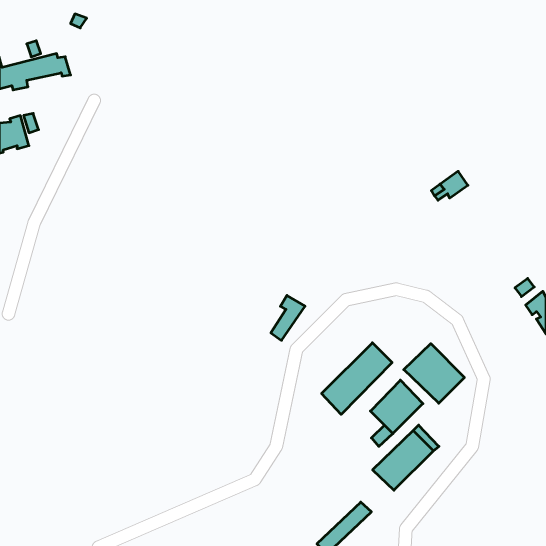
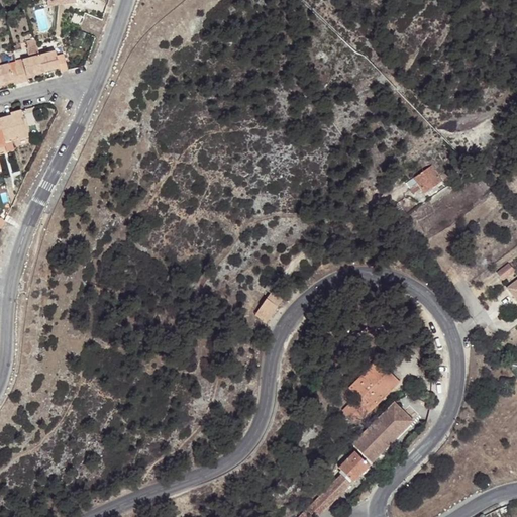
building: [322,343,392,414] -> none
building: [404,344,464,403] -> none
building: none -> [335,451,369,482]

